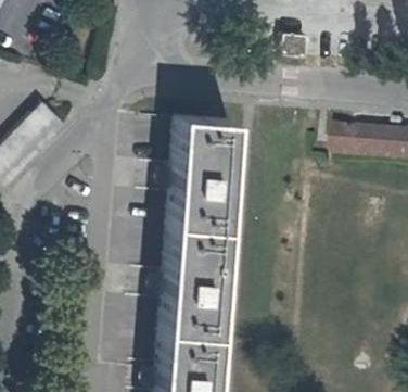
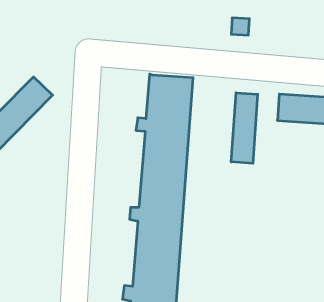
building: none -> [231,93,258,163]

